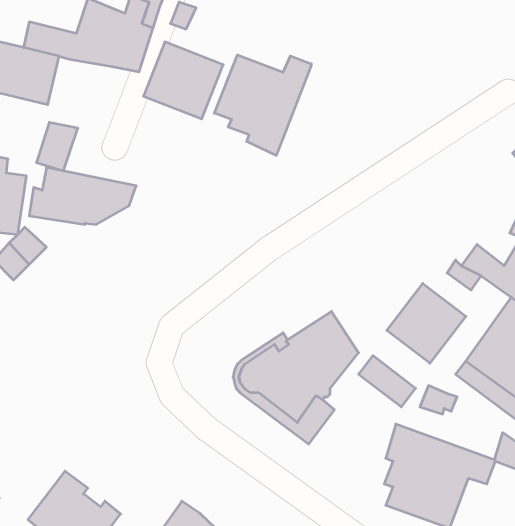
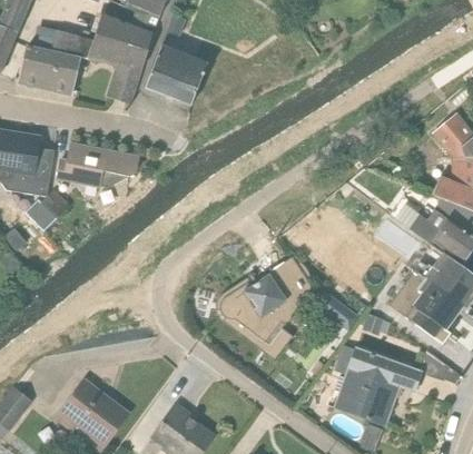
building: [214,55,311,155] -> none
building: [36,122,78,171] -> [109,63,141,101]
building: [387,283,466,363] -> none

